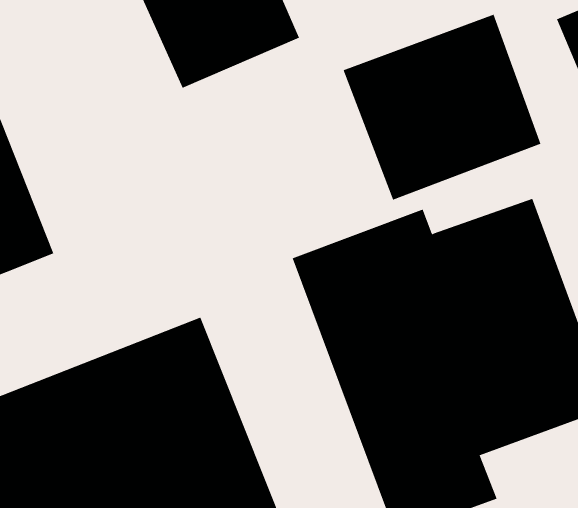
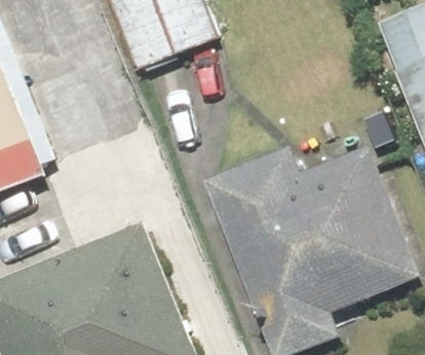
building: [343,14,541,200] -> none

